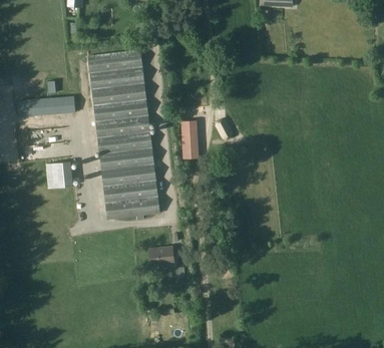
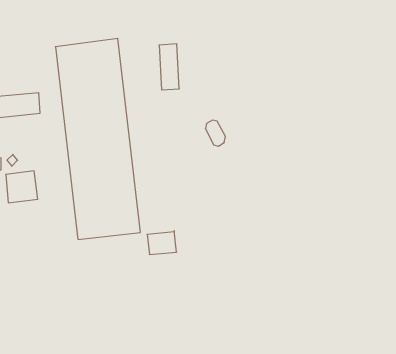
building: [180,120,198,159] -> [159,44,179,90]
building: [148,246,173,266] -> [147,231,177,254]

